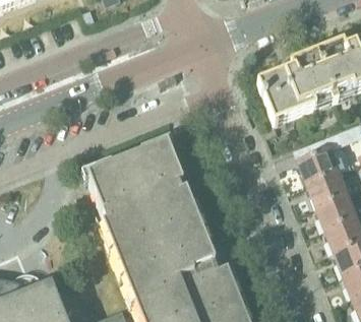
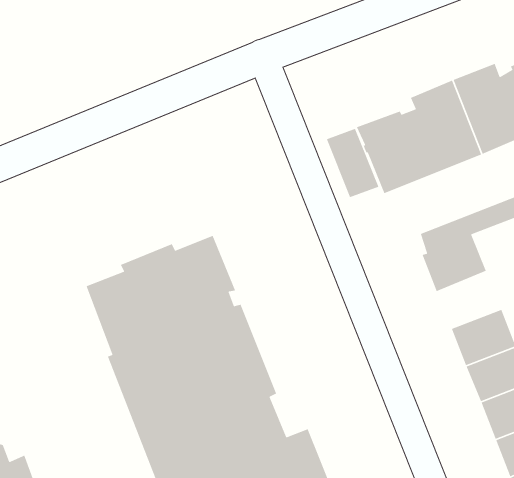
building: none -> [326,128,379,198]
building: [307,170,348,205] -> none

